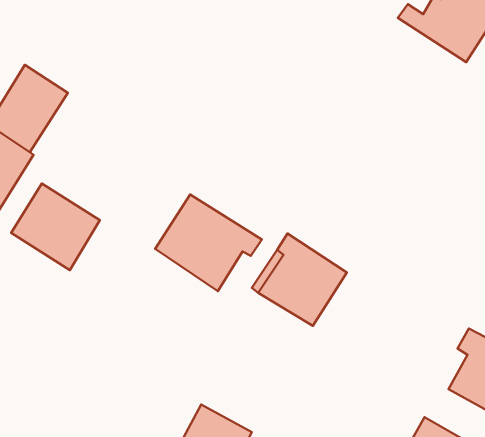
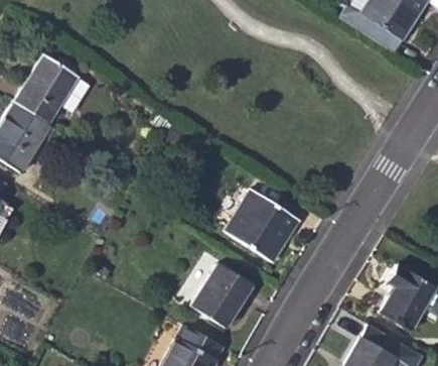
building: [11,183,100,270] -> none
building: [155,194,262,291] -> none
building: none -> [191,264,253,327]

